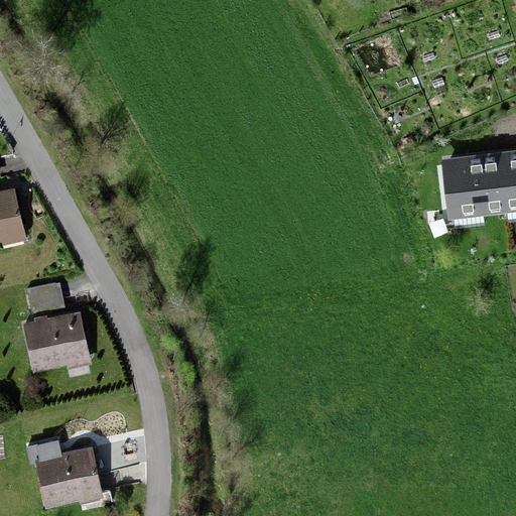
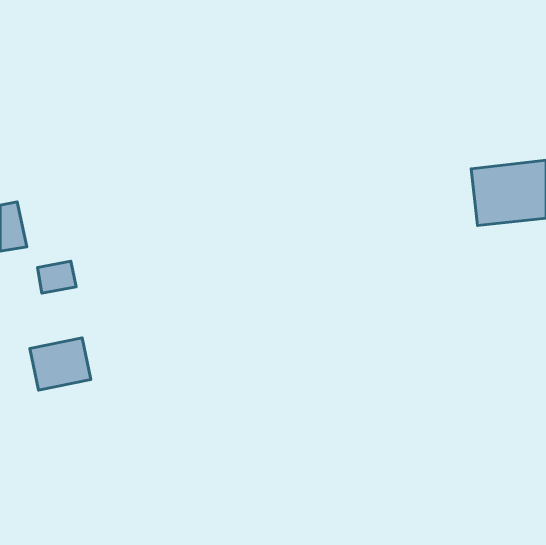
building: [26,282,62,312] -> [38,261,76,293]
building: [41,450,97,501] -> none

